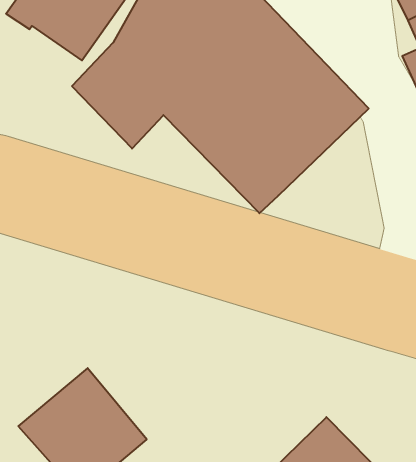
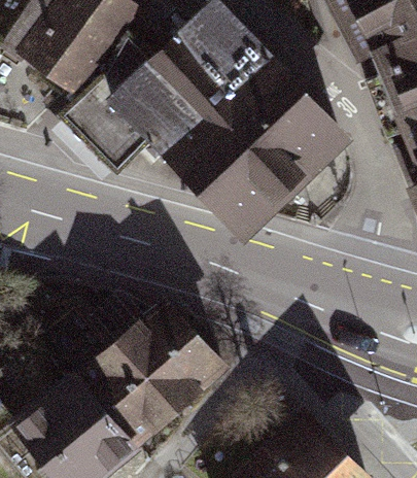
building: none -> [60,301,228,444]

